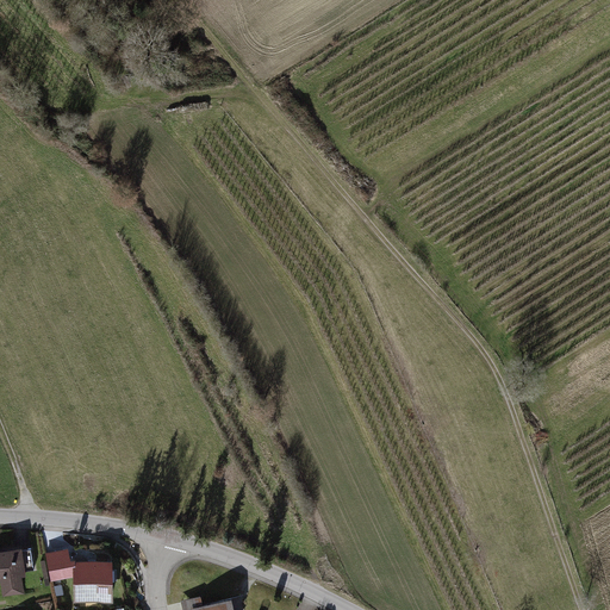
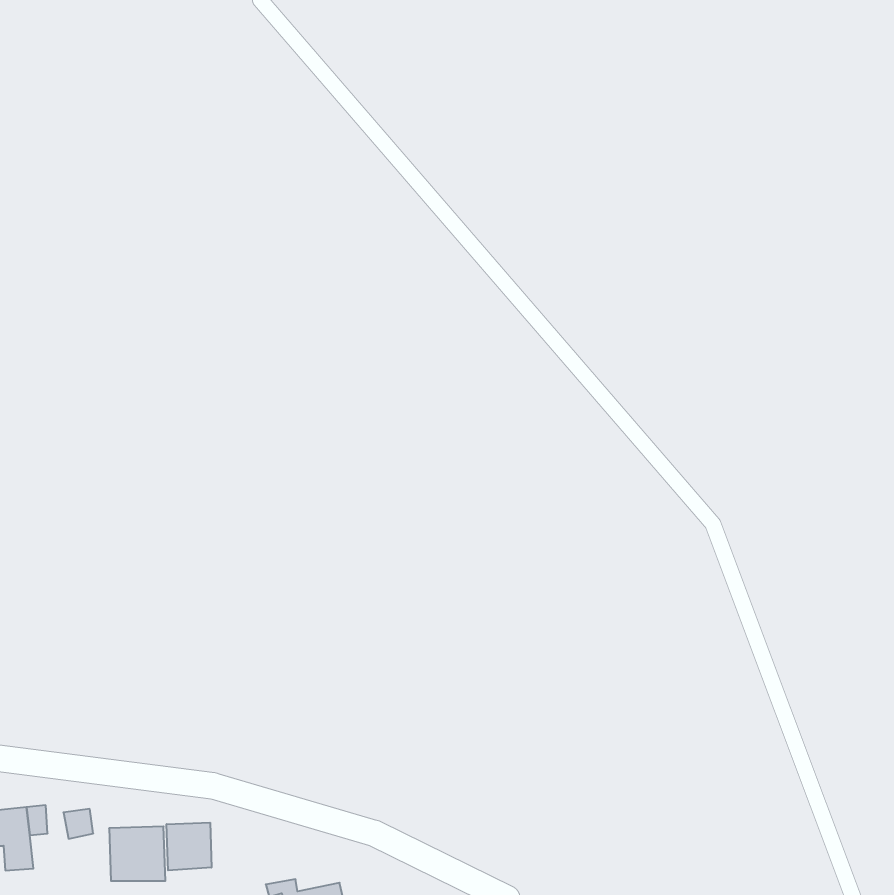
building: none -> [167,823,211,870]

